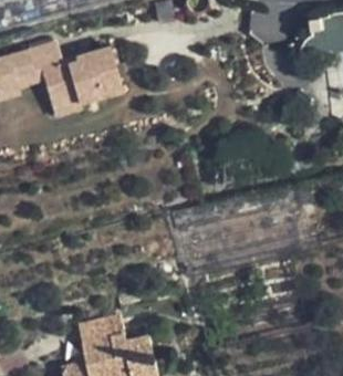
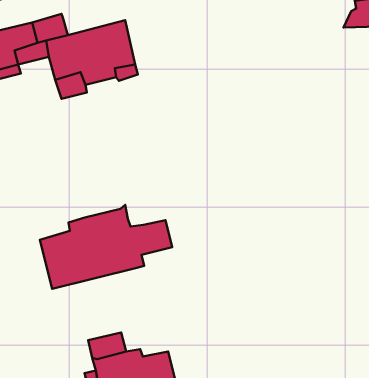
building: none -> [40,205,172,289]

